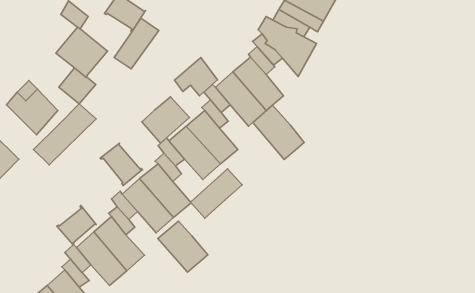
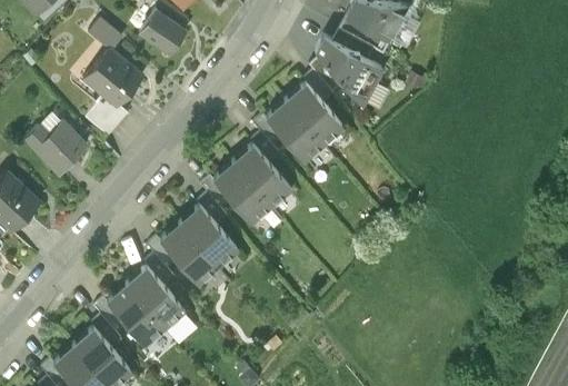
building: [114,18,159,69] -> none
building: [174,58,218,96] -> none
building: [142,97,189,143] -> none
building: [33,104,96,165] -> none
building: [253,105,304,159] -> none
building: [100,143,142,186] -> none
building: [190,169,242,218] -> none
building: [57,206,96,245] -> none
building: [158,221,208,272] -> none

